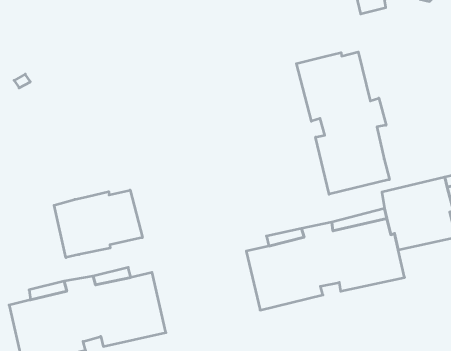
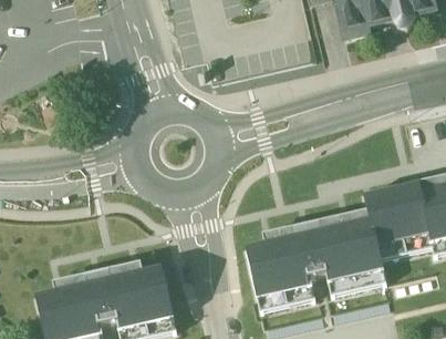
building: [296,52,389,194] -> none
building: [54,190,142,258] -> none

